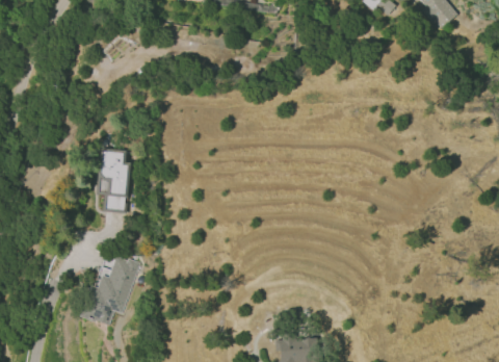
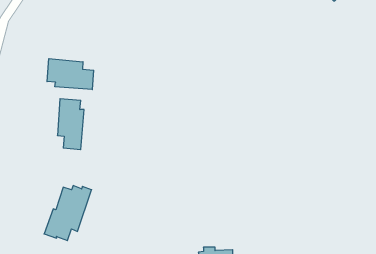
building: none -> [47,59,94,90]

